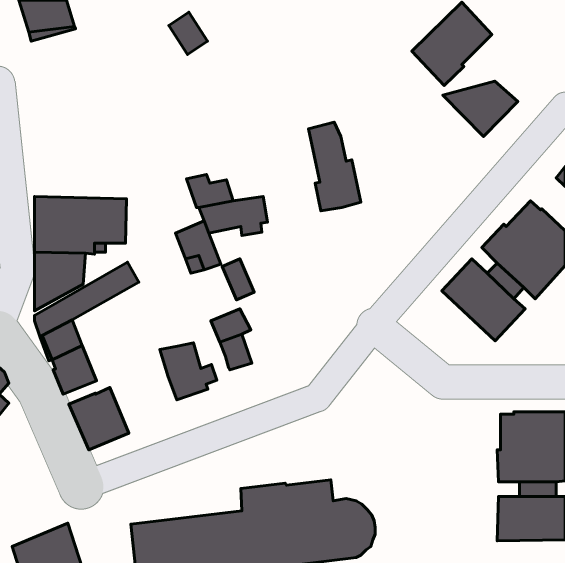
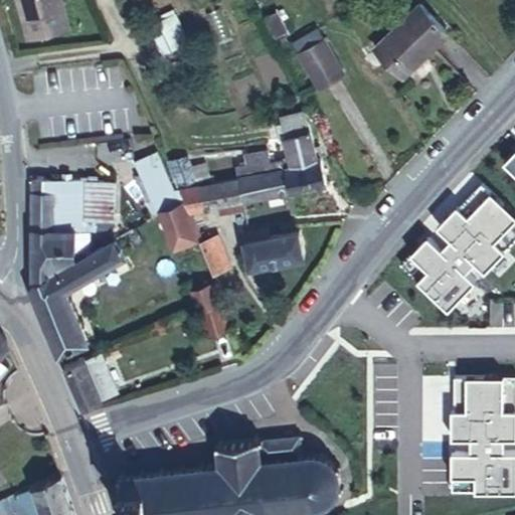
building: none -> [293,32,343,92]
building: [443,81,518,136] -> none
building: none -> [236,154,291,205]
building: none -> [134,159,185,216]
building: none -> [244,230,304,271]
building: [160,343,217,400] -> none

